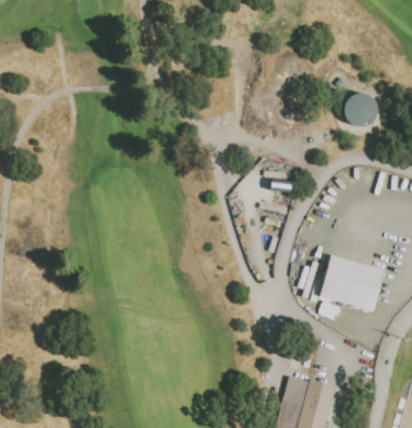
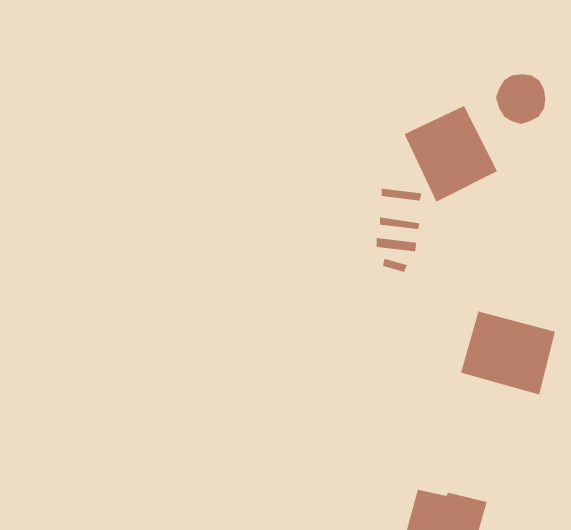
building: none -> [404,105,498,202]

